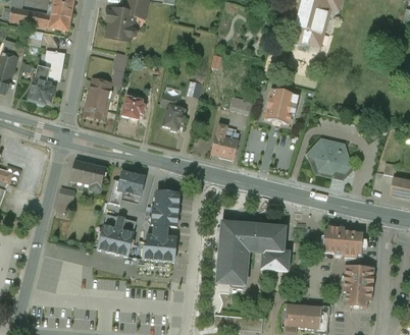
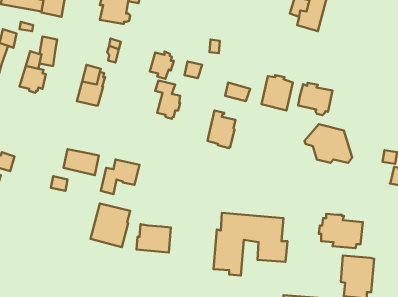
building: [121,96,145,122] -> [150,52,174,79]
building: none -> [298,83,333,115]
building: [151,190,180,226] -> none

